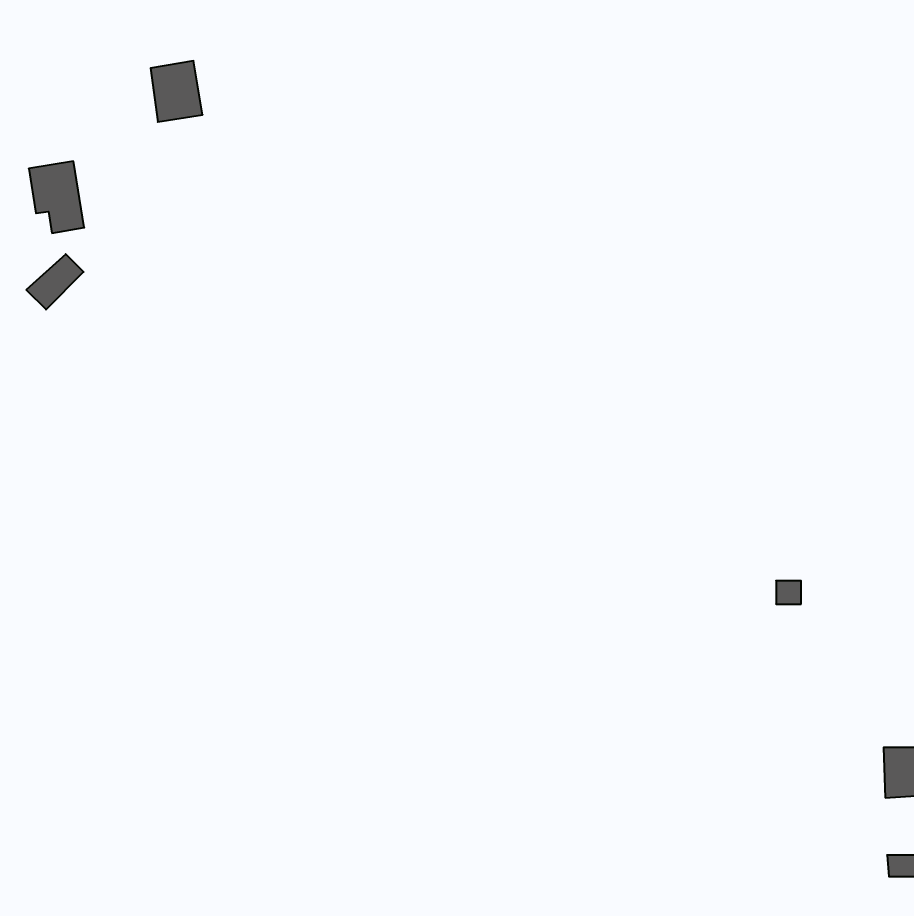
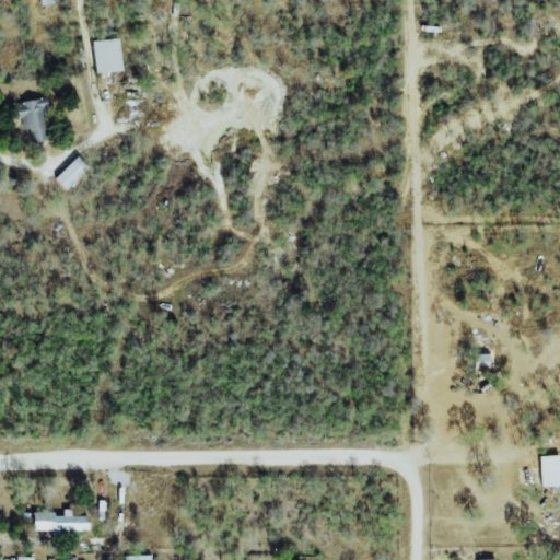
building: [26,254,84,310] -> [55,156,90,190]
building: none -> [34,509,90,532]

